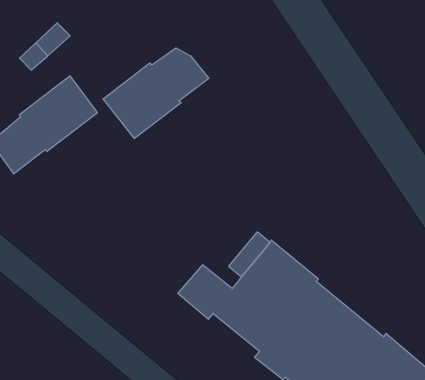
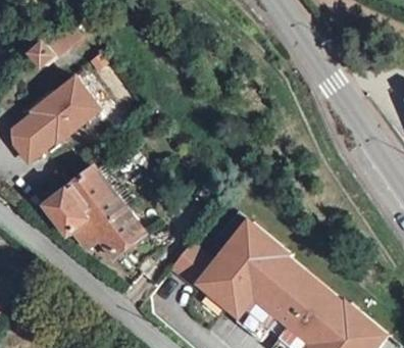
building: [103,48,209,139] -> none
building: none -> [44,166,144,255]

